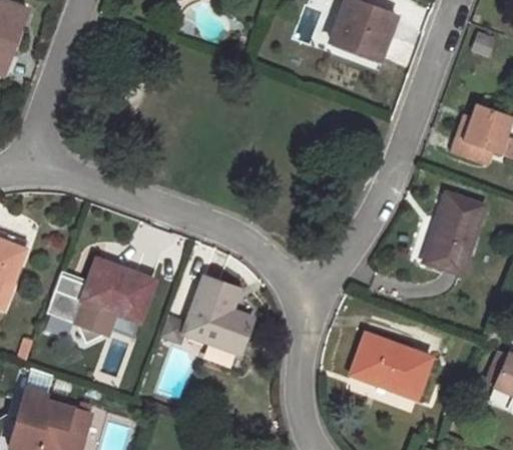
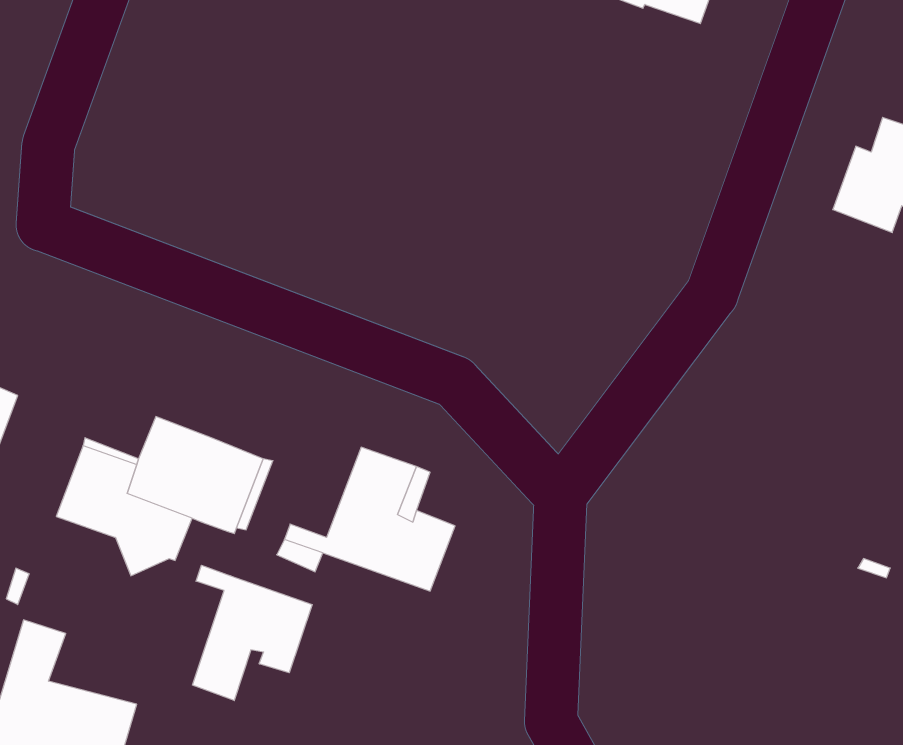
building: [429,193,484,274] -> none
building: [354,336,431,398] -> none
building: none -> [192,565,312,701]

